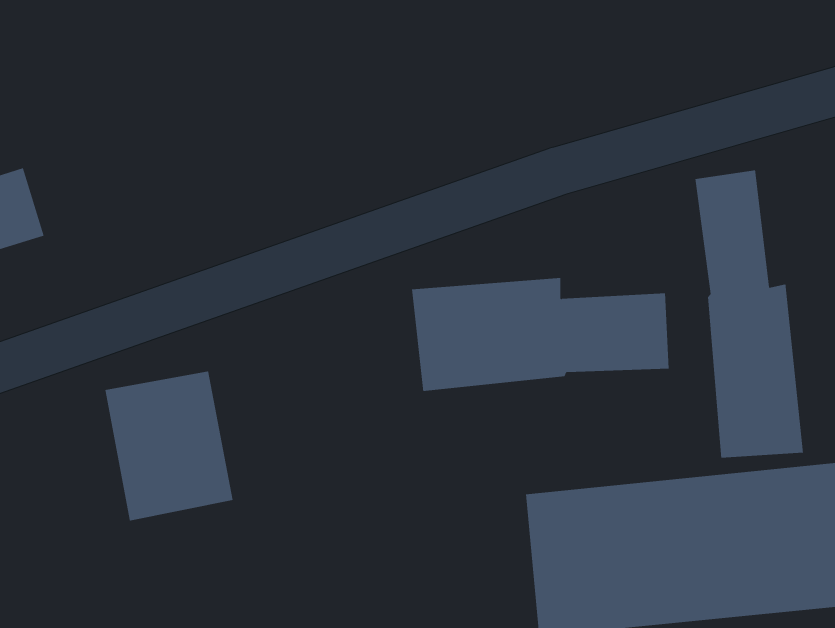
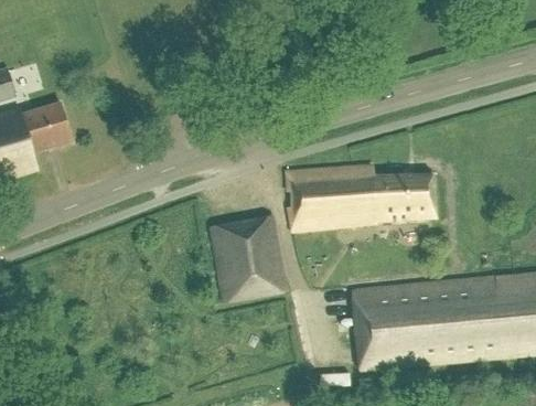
building: [695,169,804,459] -> none
building: [104,371,234,521] -> [211,216,286,303]

